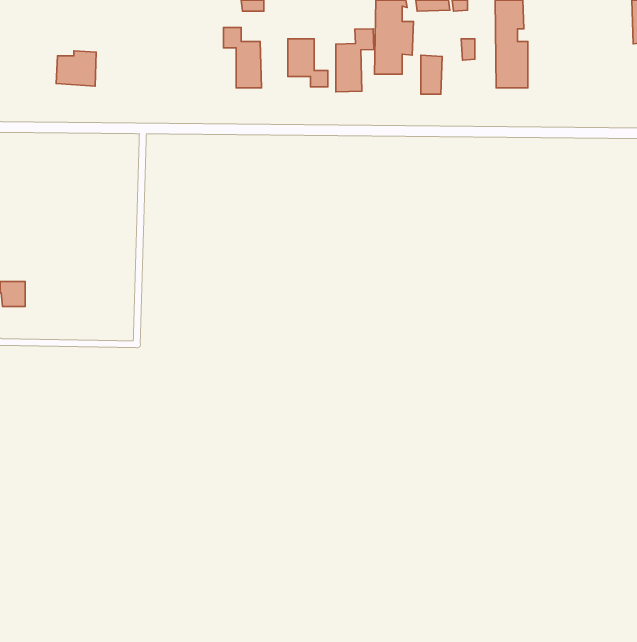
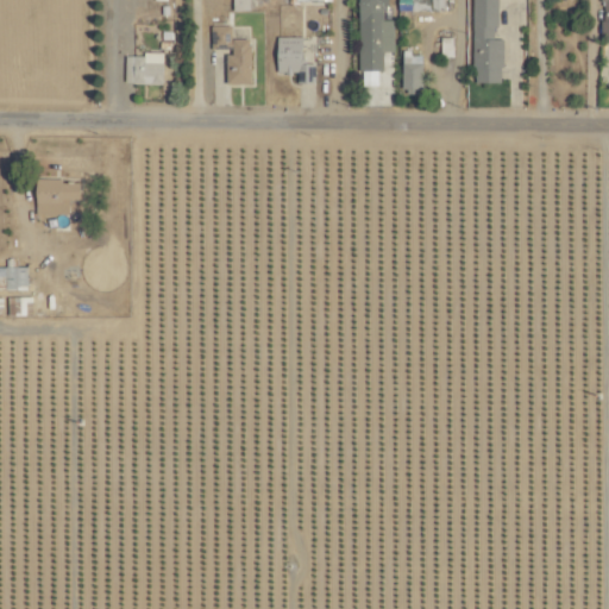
building: [336,29,374,92] -> none
building: [56,51,96,86] -> [127,51,165,84]
building: none -> [36,180,81,215]

